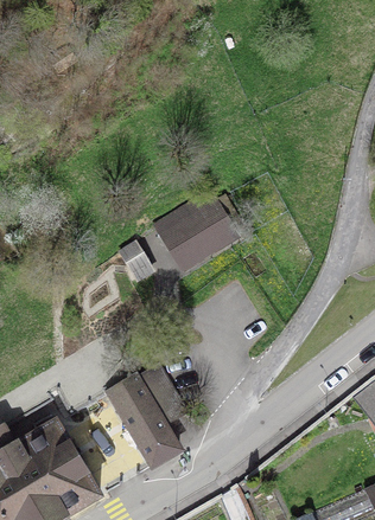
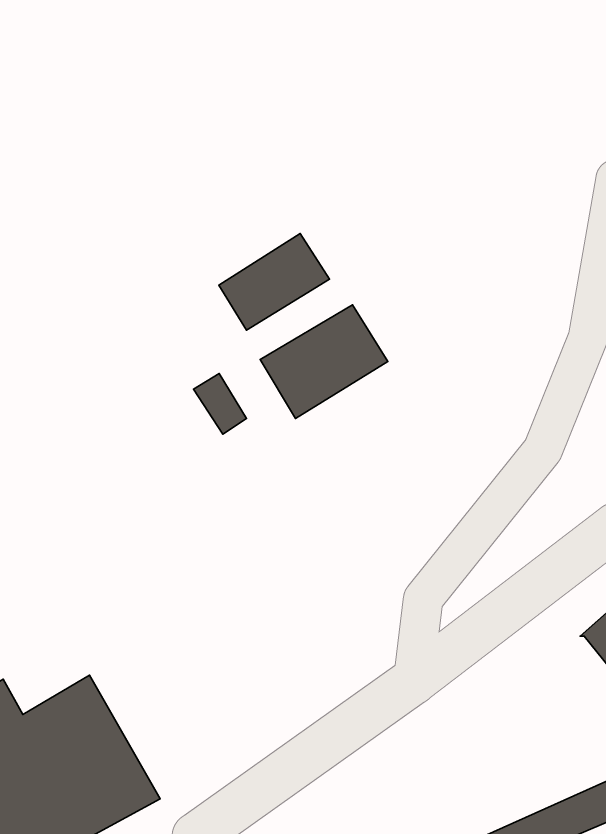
building: none -> [219,233,329,330]
building: [110,366,184,464] -> none

